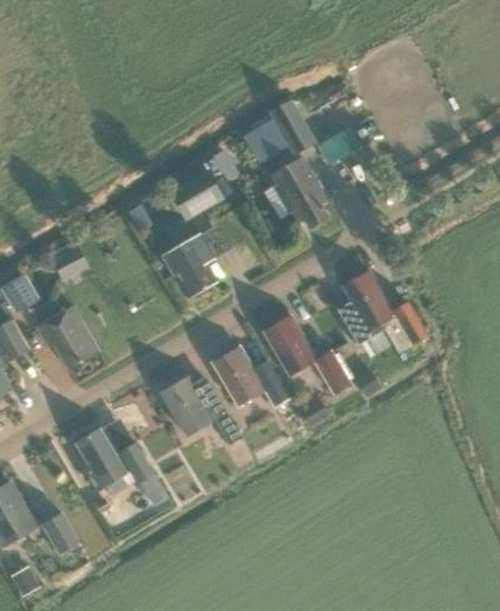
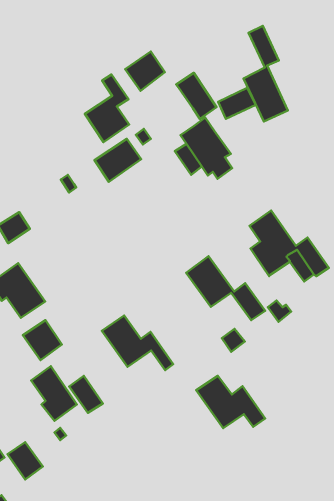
building: none -> [243,26,288,122]
building: none -> [85,75,129,142]
building: [242,118,288,162] -> [125,51,165,91]
building: [162,233,216,294] -> none
building: [212,345,289,407] -> [196,376,265,428]
building: none -> [23,320,62,360]

